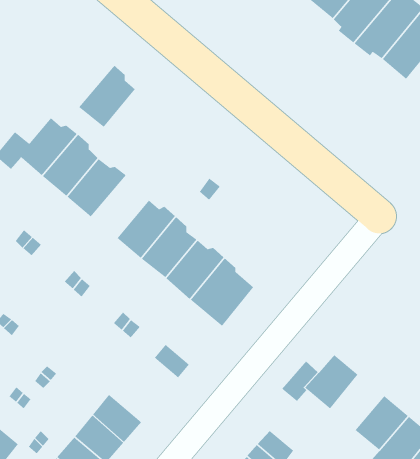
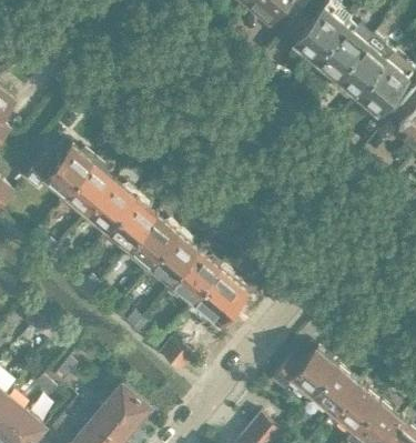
building: [78,65,136,128] -> [106,195,156,250]
building: none -> [313,368,359,415]

